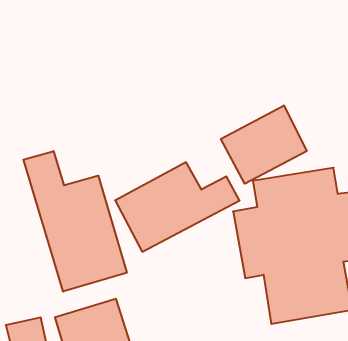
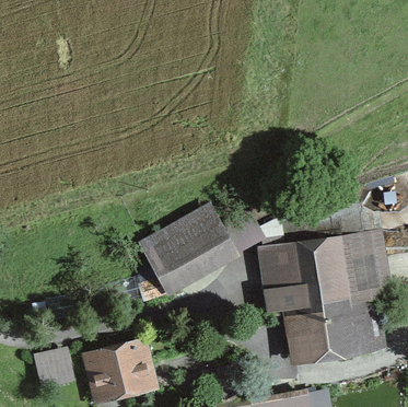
building: [221,105,307,184] -> none
building: [23,151,127,292] -> none

